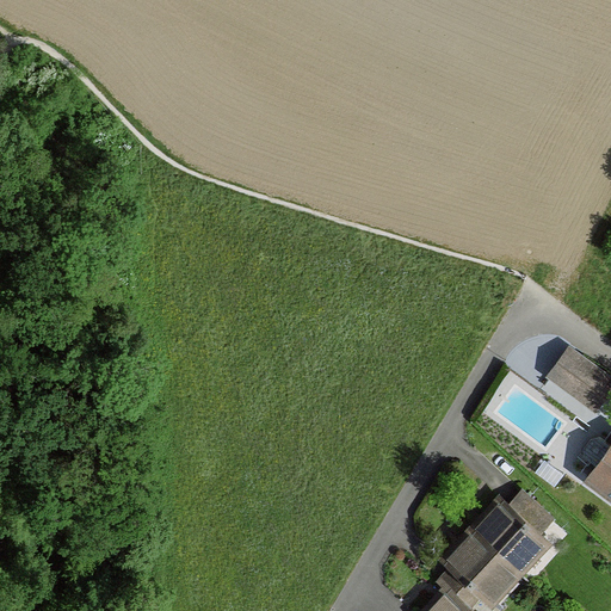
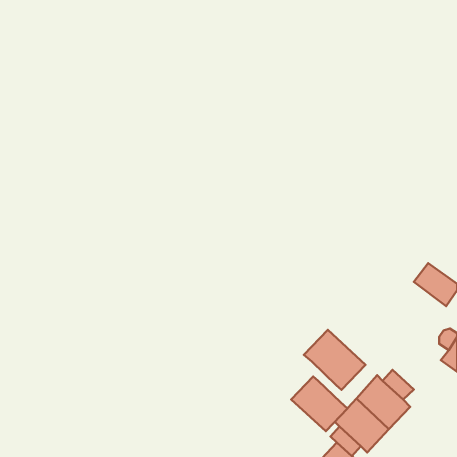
building: none -> [304,330,366,390]
building: none -> [291,376,347,431]

